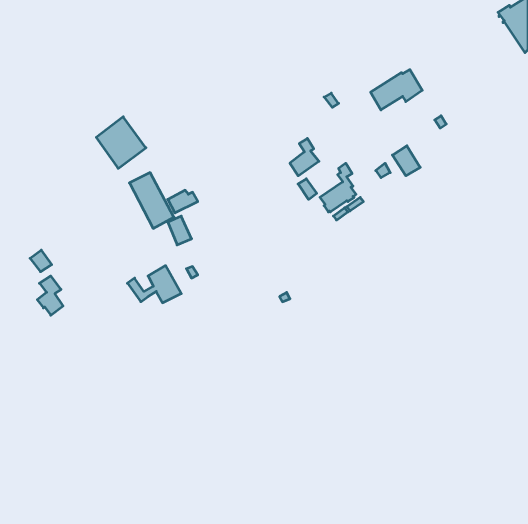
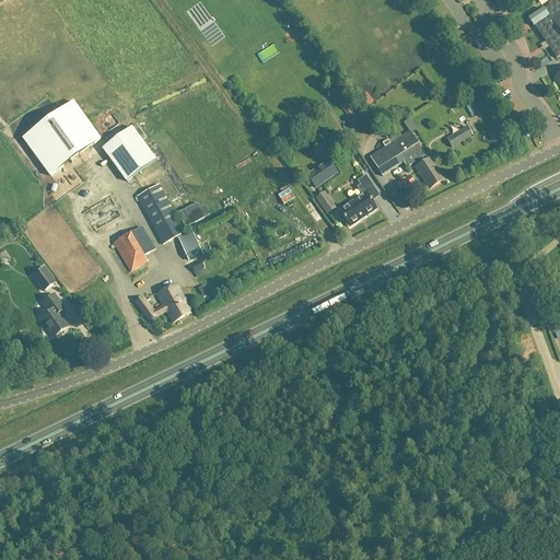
building: [371,70,422,110] -> [370,130,424,173]
building: none -> [22,100,100,173]
building: none -> [114,224,154,268]

